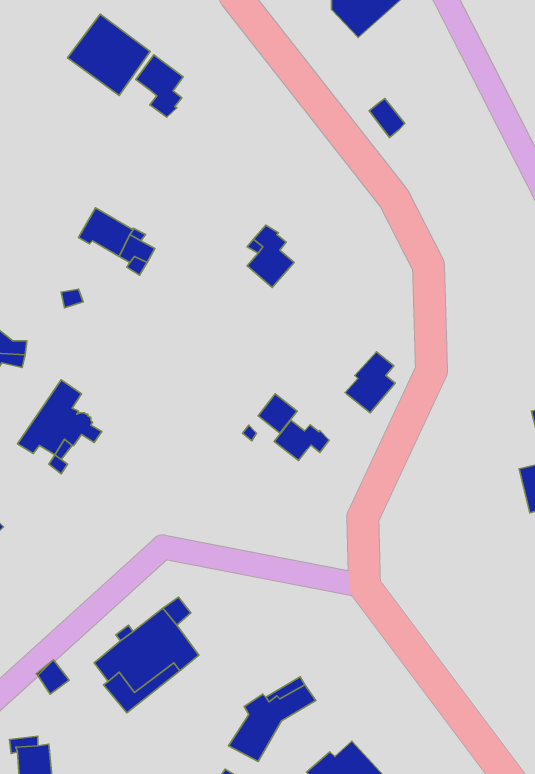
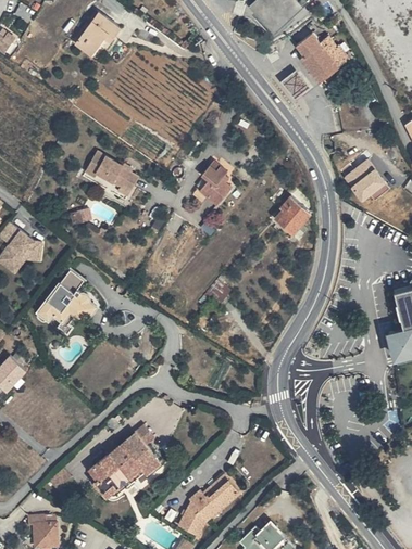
building: none -> [300,33,352,82]
building: [136,55,183,117] -> none
building: none -> [342,159,385,201]
building: [345,352,395,413] -> [274,192,309,234]
building: [274,420,329,461] -> none

